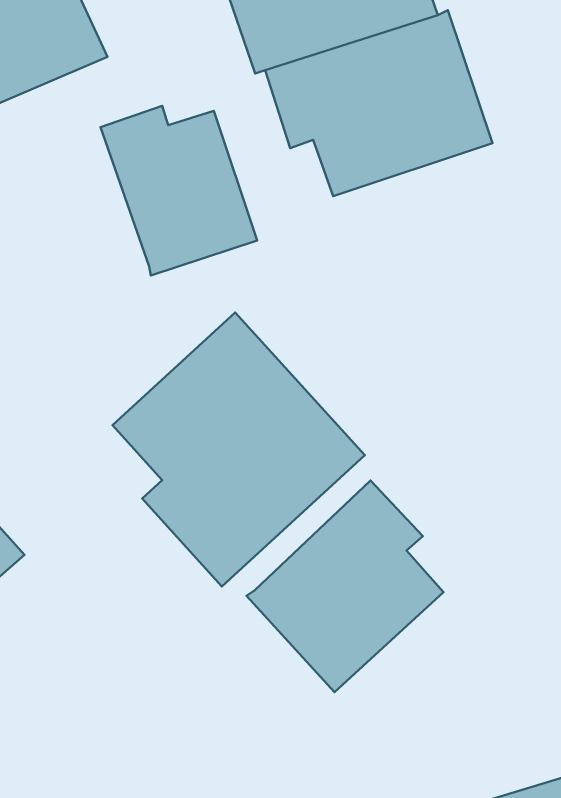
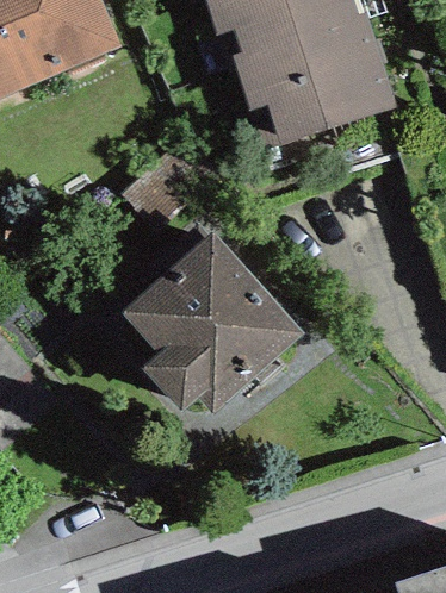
building: [101,106,257,276] -> none
building: [247,481,444,692] -> none

